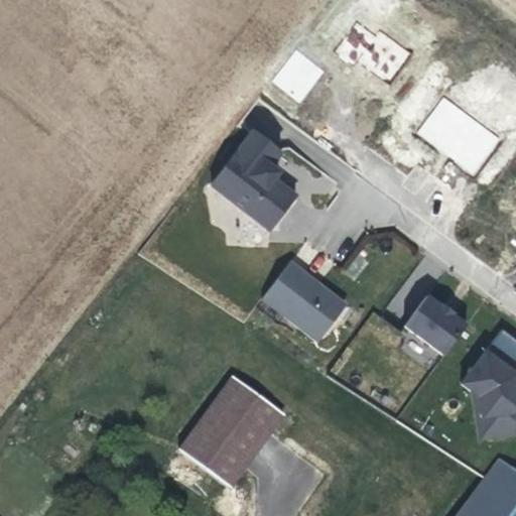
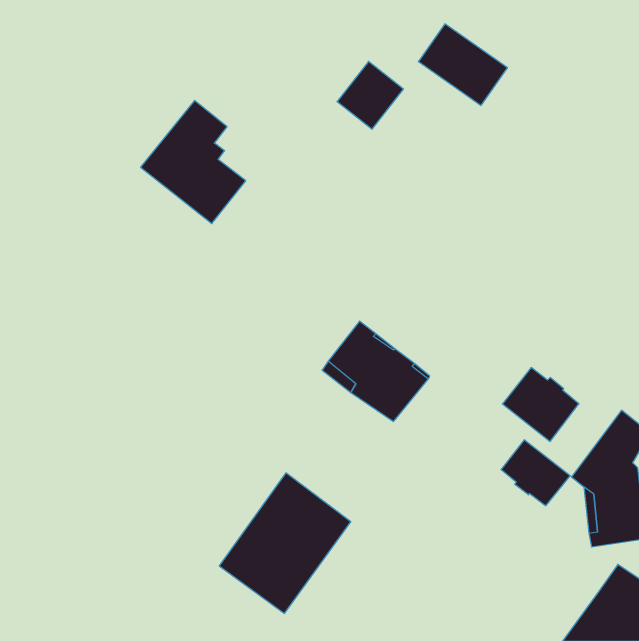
building: [415,97,501,175] -> none
building: [215,128,299,227] -> [141,101,246,224]
building: none -> [501,440,570,506]

